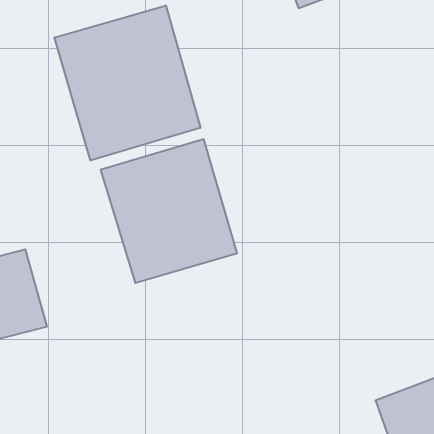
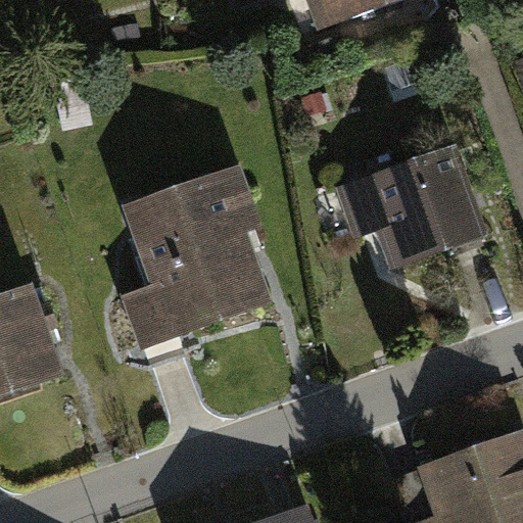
building: [54,5,200,160] -> none
building: none -> [335,139,484,260]

